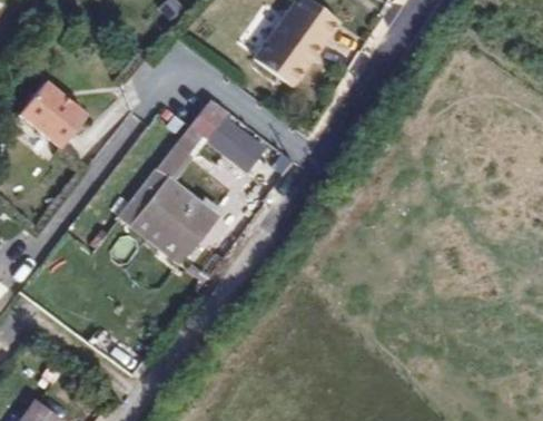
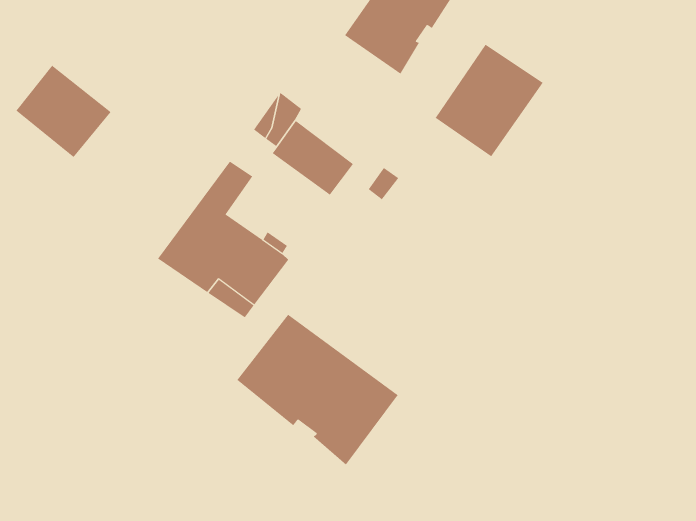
building: none -> [435,44,543,157]
building: none -> [237,314,398,465]

